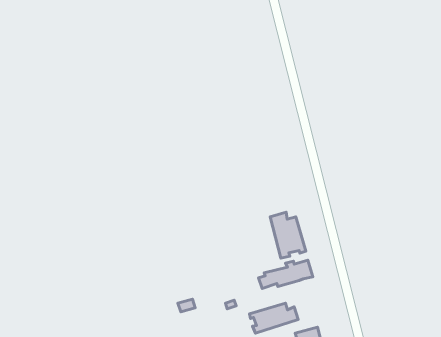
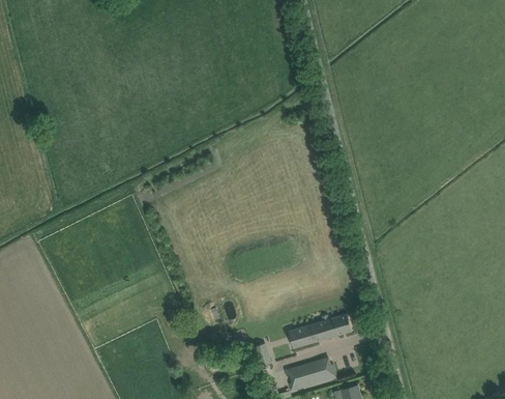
building: [270,212,306,258] -> none

